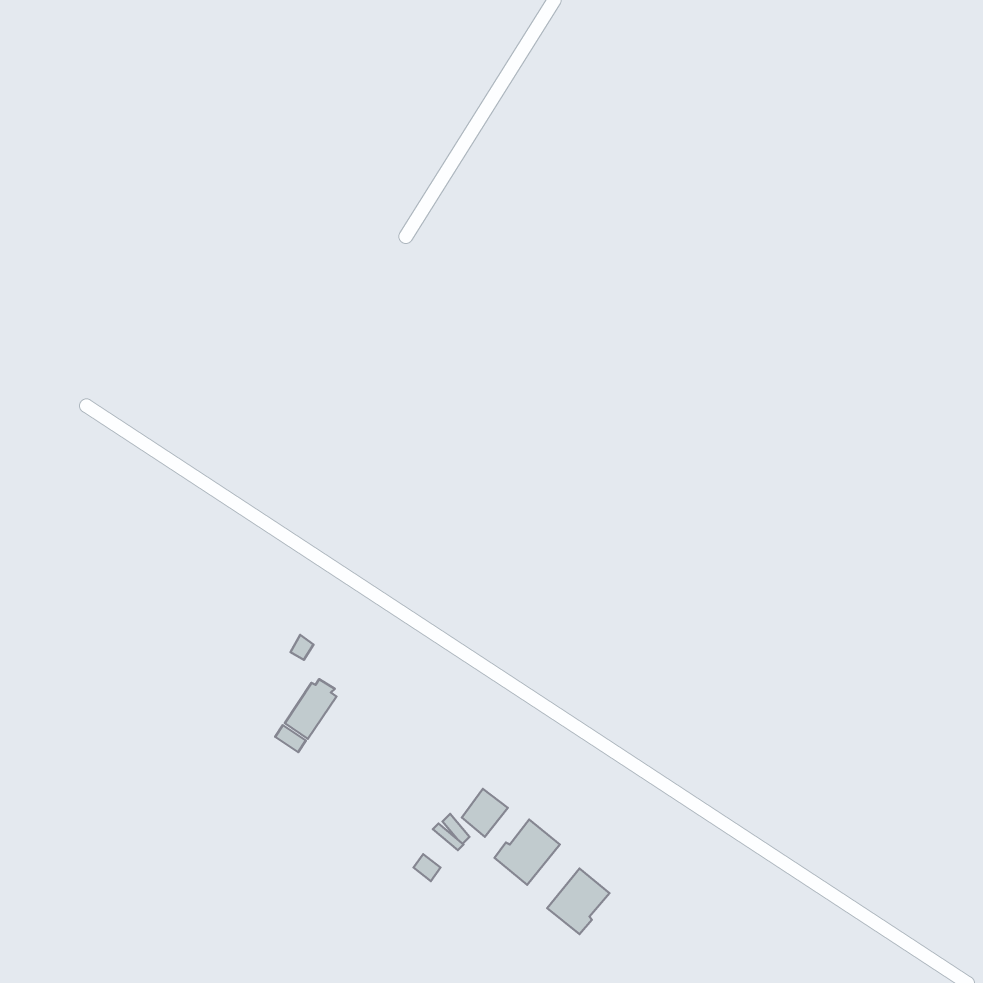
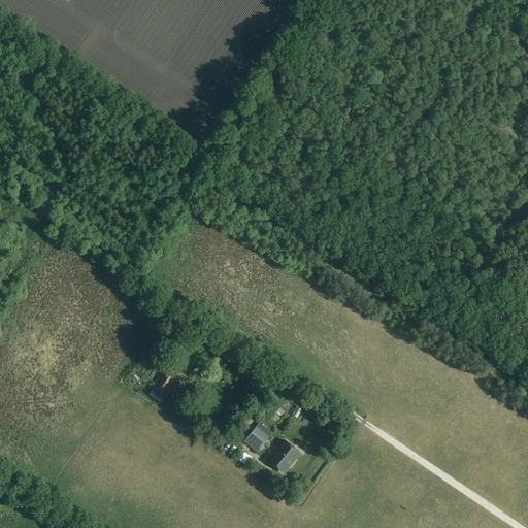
building: [547,869,610,934] -> none

